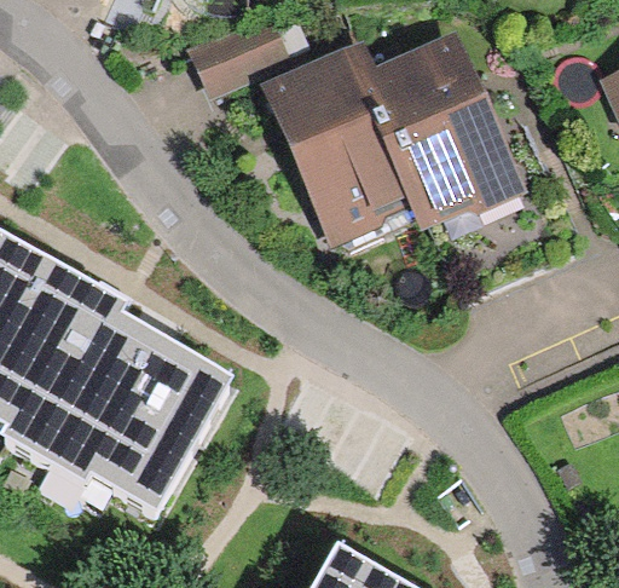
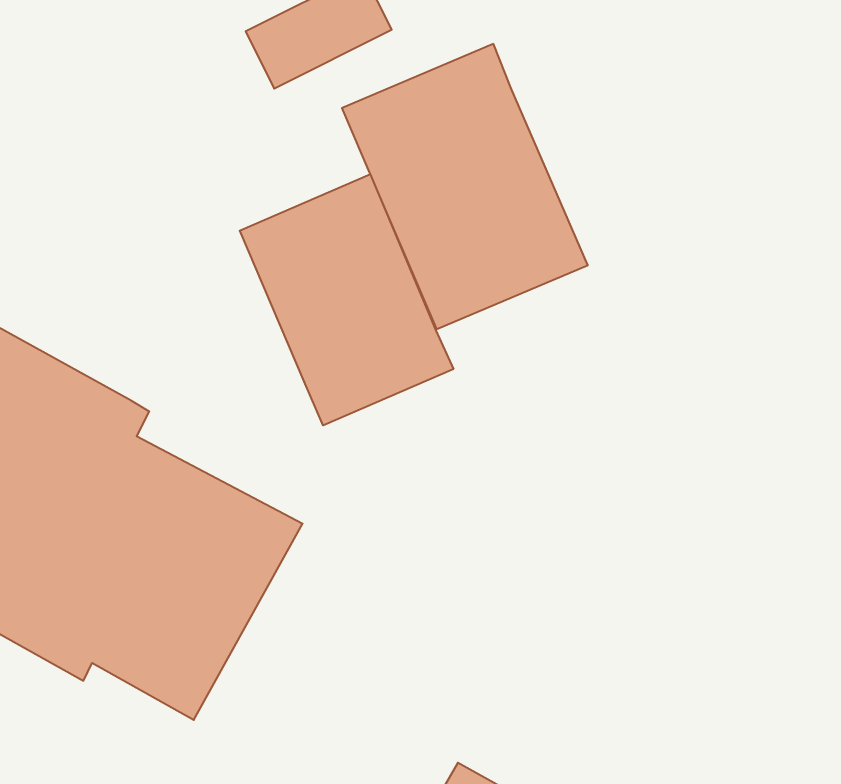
building: [376,45,522,229] -> none
building: none -> [240,174,453,425]

